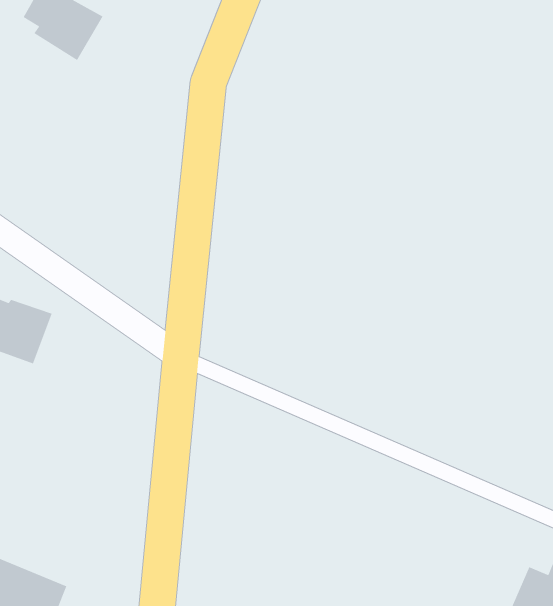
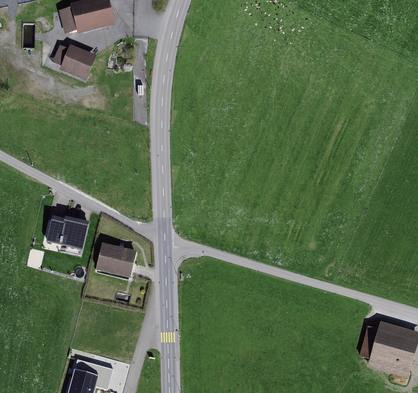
building: none -> [95,243,136,279]

